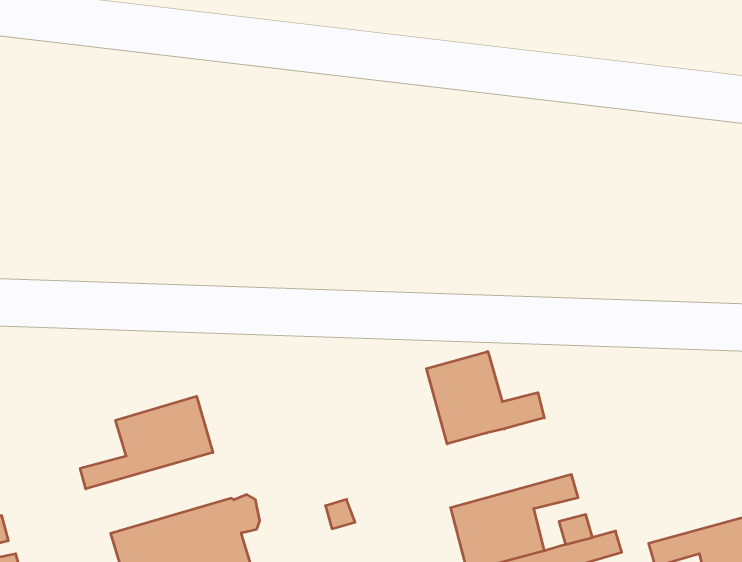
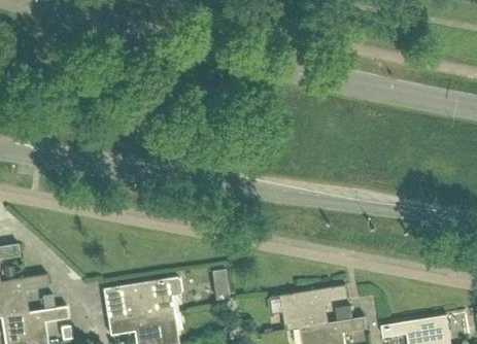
building: [426,351,544,444] -> none
building: [80,396,213,489] -> none

